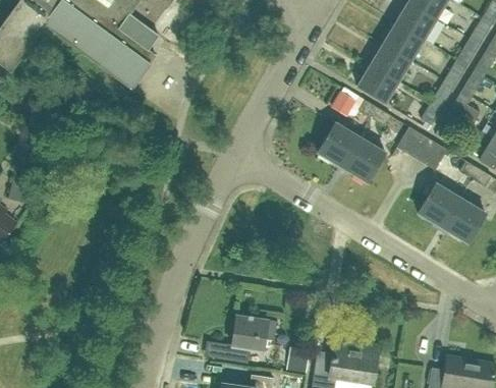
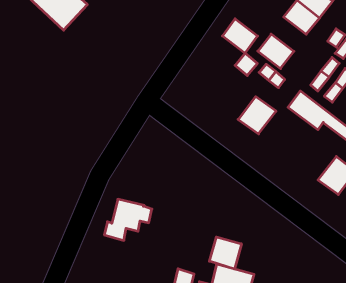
building: [370,44,410,82] -> [222,19,258,53]
building: [318,124,360,168] -> none
building: [418,184,460,228] -> none
building: none -> [209,237,241,269]
building: [225,316,277,363] -> [104,199,152,240]

